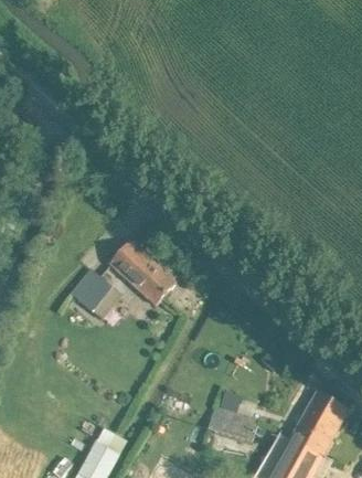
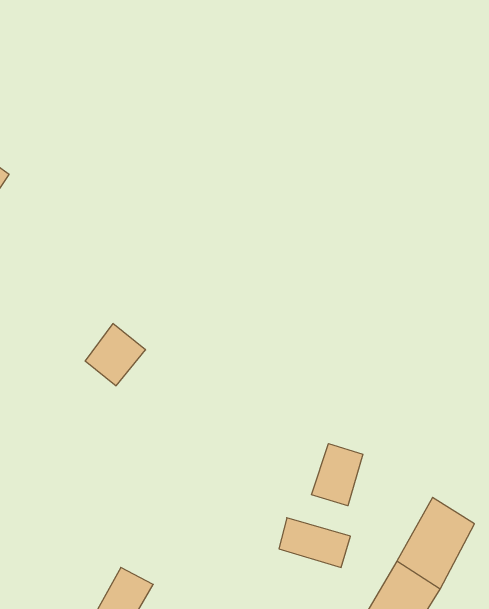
building: [110,241,177,306] -> none
building: none -> [312,444,363,506]

